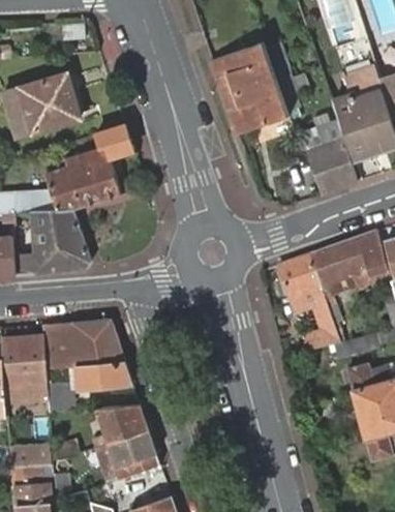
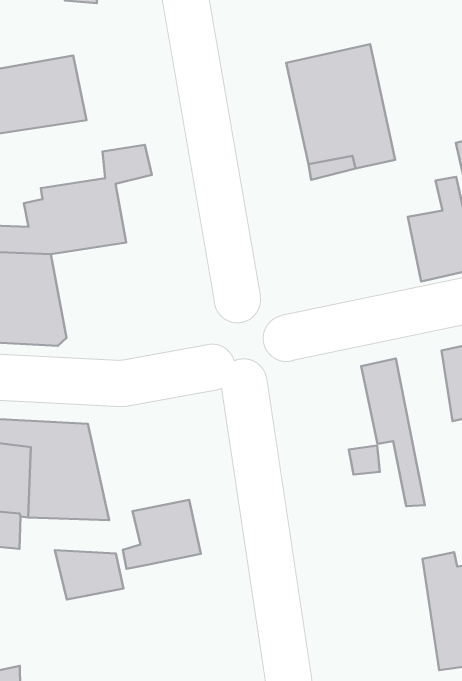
building: [310,240,354,296] -> none
building: [107,427,159,479] -> [123,500,201,569]

